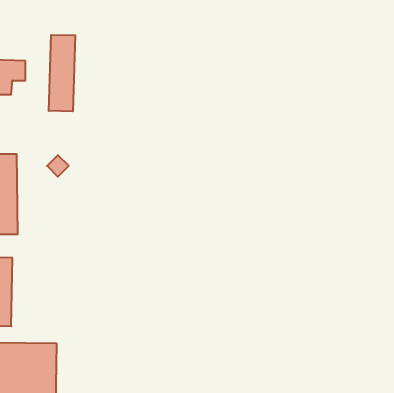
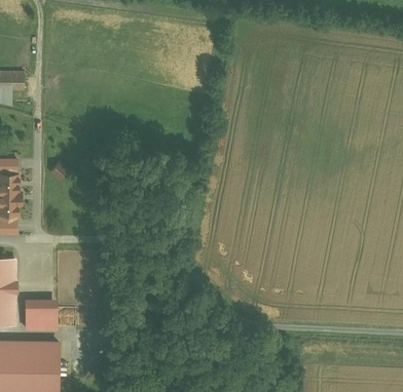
building: [49,35,75,111] -> none
building: none -> [25,307,57,329]

